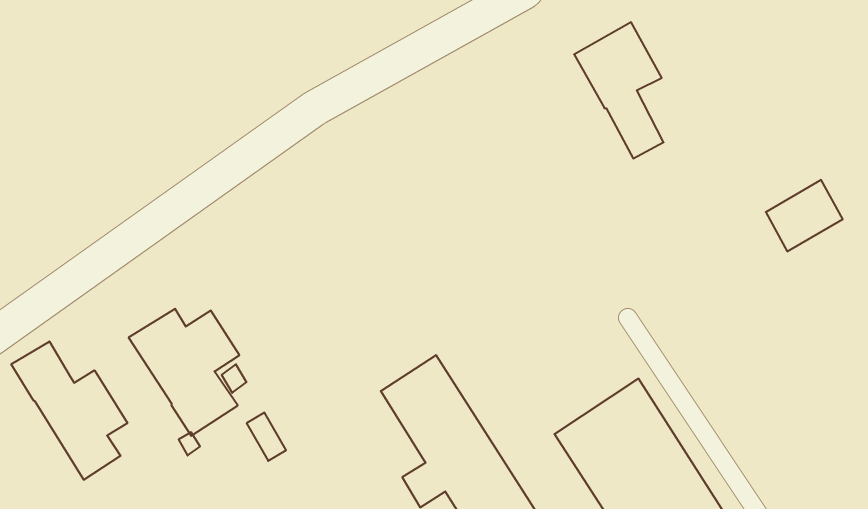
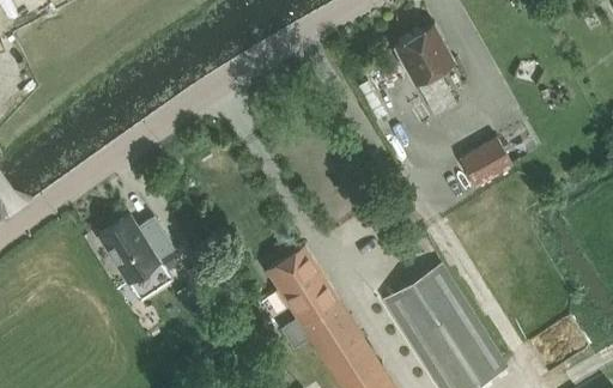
building: [766,180,843,251] -> [462,139,514,187]
building: [11,341,127,480] -> none

